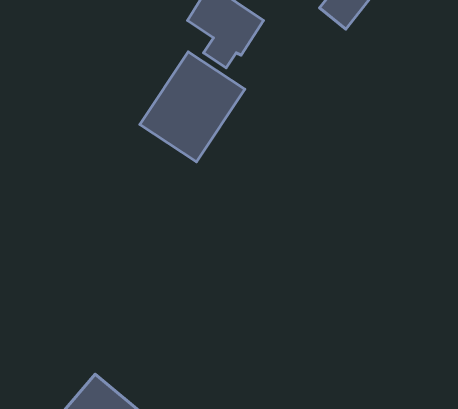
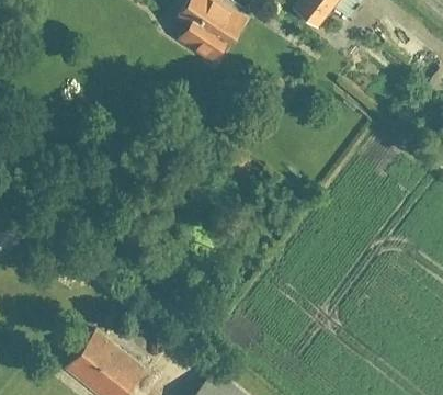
building: [140,52,245,162] -> none

